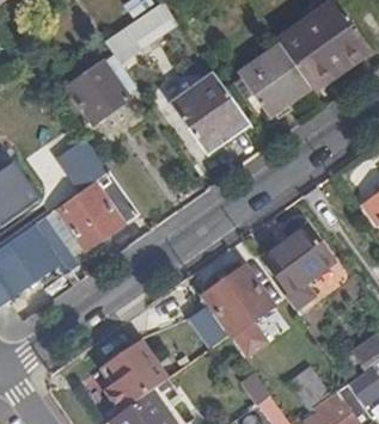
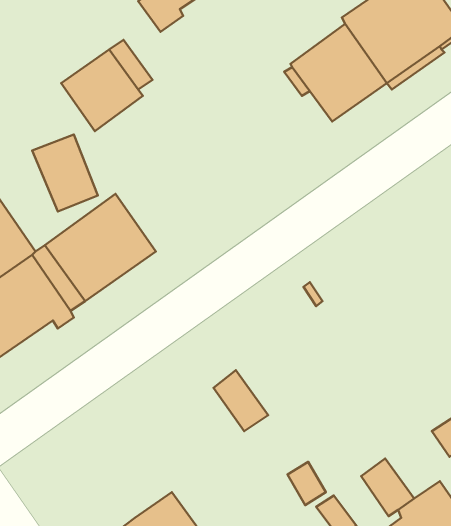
building: [172,73,249,152] -> none
building: [268,226,335,305] -> none
building: [201,264,273,336] -> none
building: [102,339,167,411] -> none

